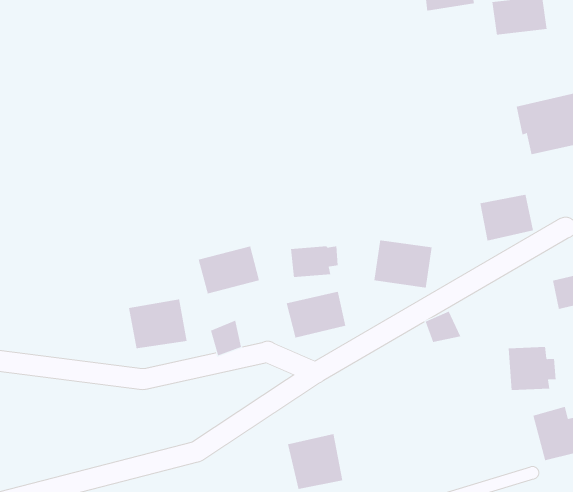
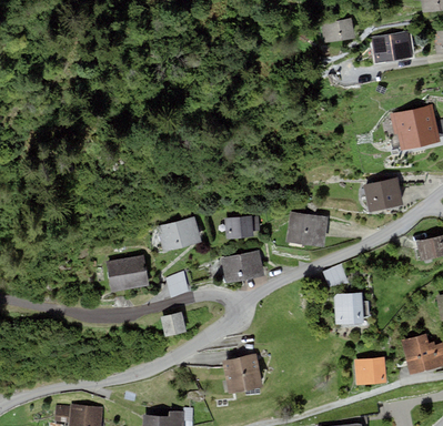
building: [508,347,556,390] -> [333,292,369,324]
building: none -> [159,312,184,336]
building: none -> [353,356,386,385]

